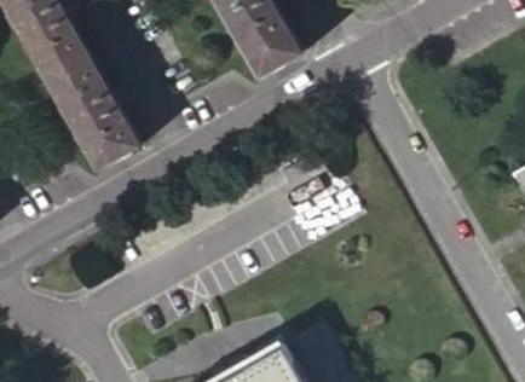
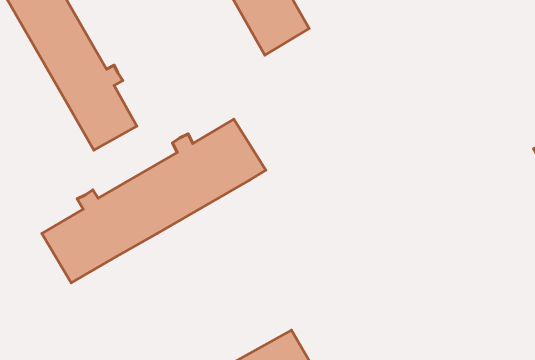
building: none -> [42,119,266,283]

